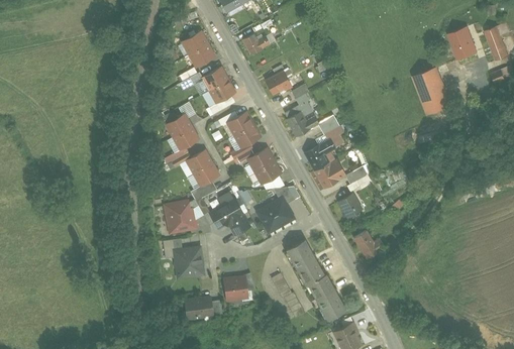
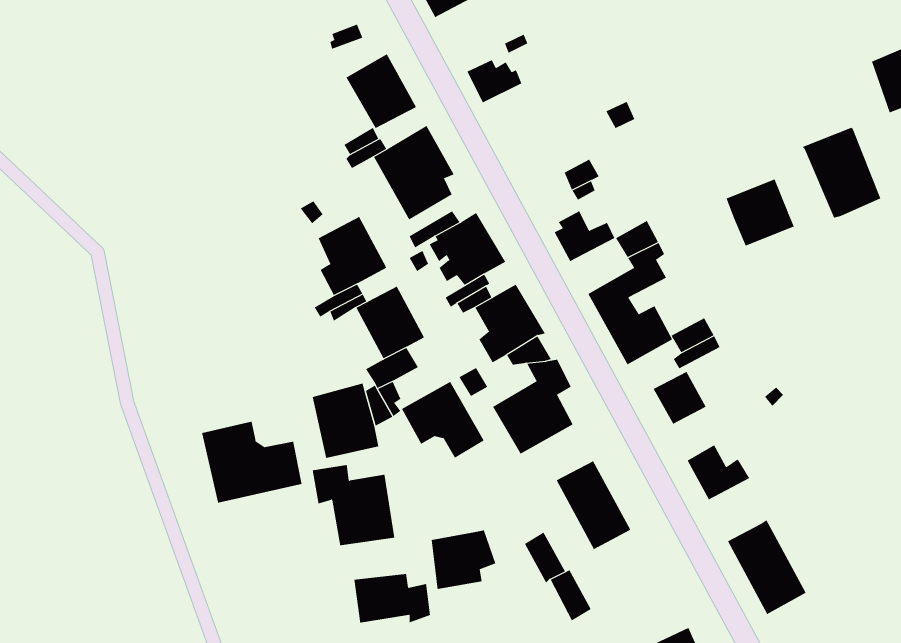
building: [262,67,294,95] -> none
building: none -> [726,178,795,247]
building: none -> [202,421,302,503]
building: [307,269,347,318] -> [727,519,806,615]

